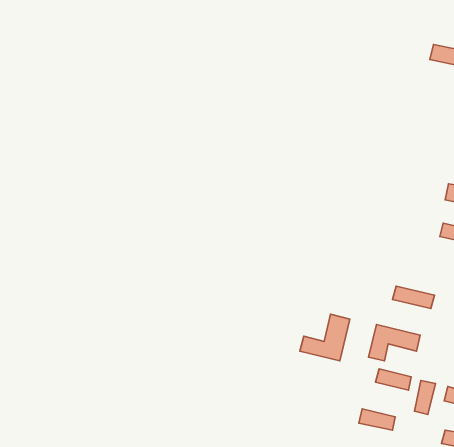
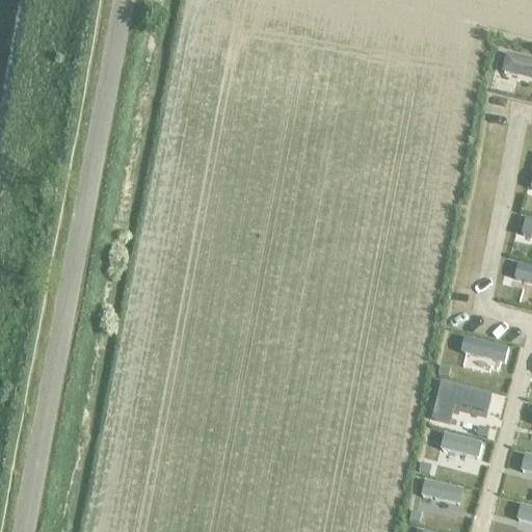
building: [300,314,350,361] -> none
building: [414,380,435,414] -> none

